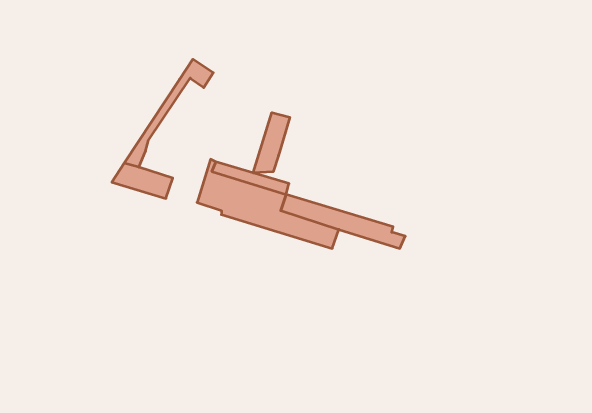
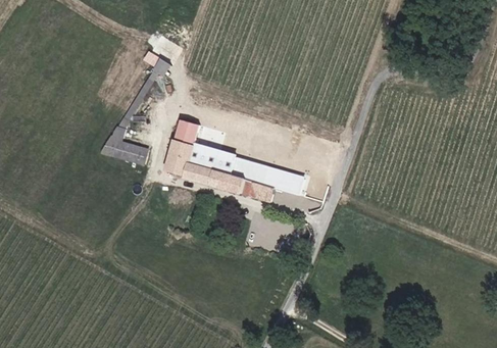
building: [253,113,290,173] -> none

